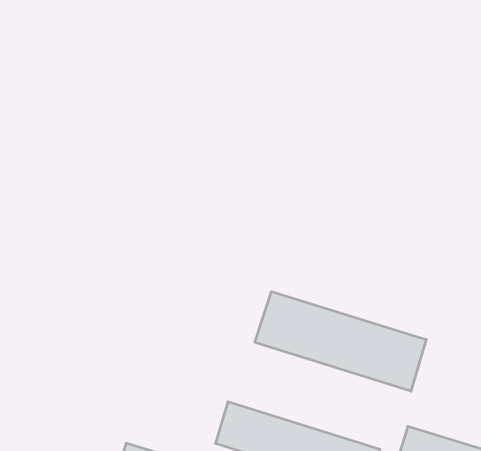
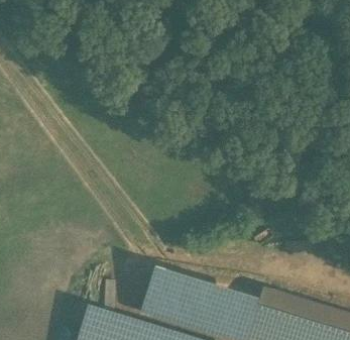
building: [255,292,426,391] -> none

